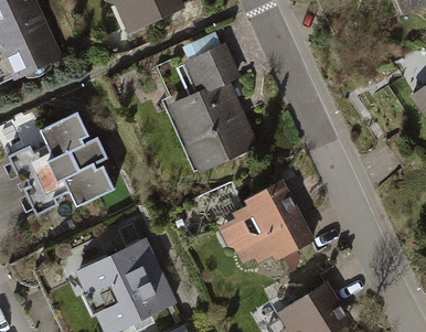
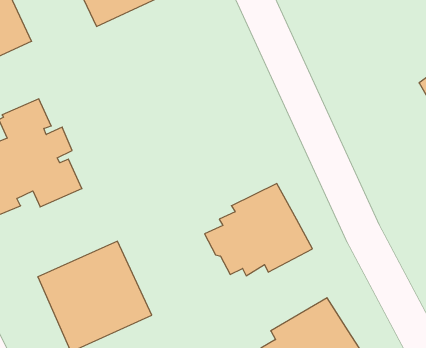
building: [164,44,259,180] -> none

